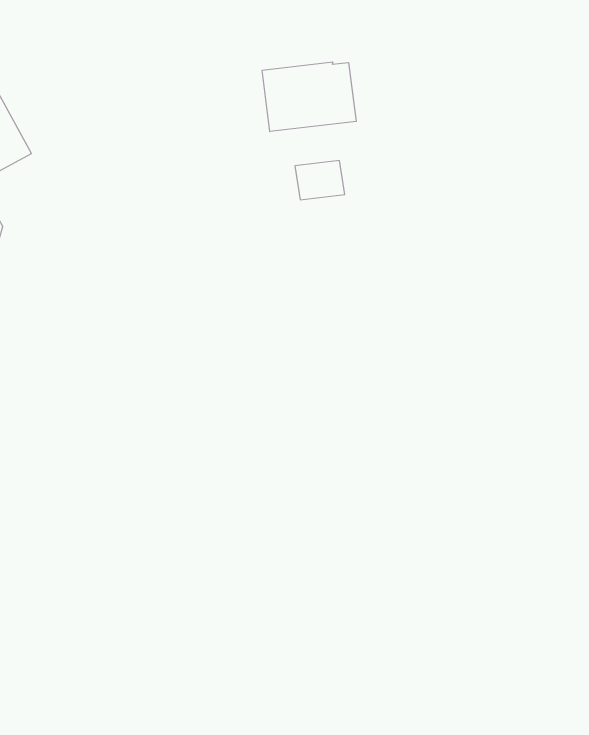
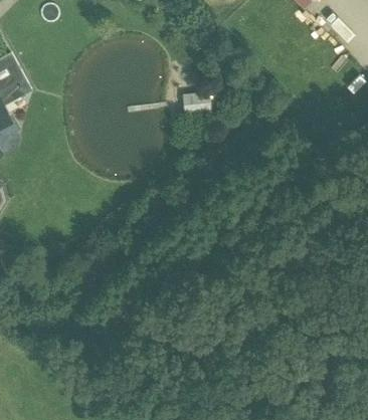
building: [262,62,356,132] -> none

